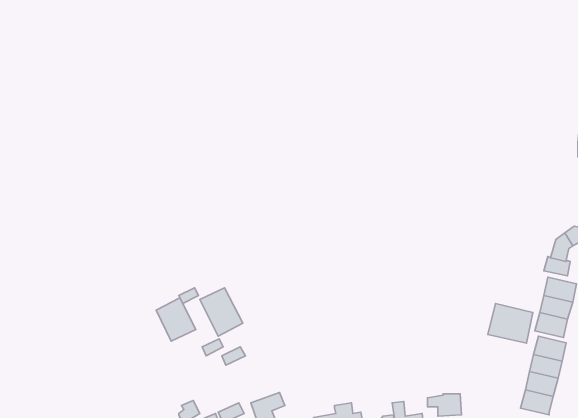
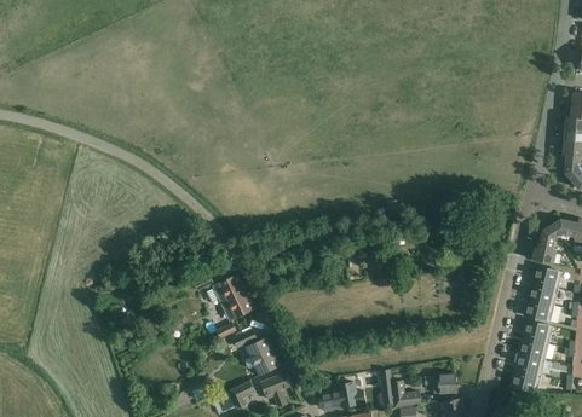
building: [156,298,196,341] -> none
building: [488,303,533,343] -> none
building: none -> [246,337,281,376]

